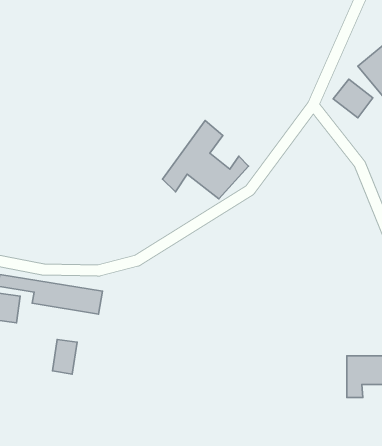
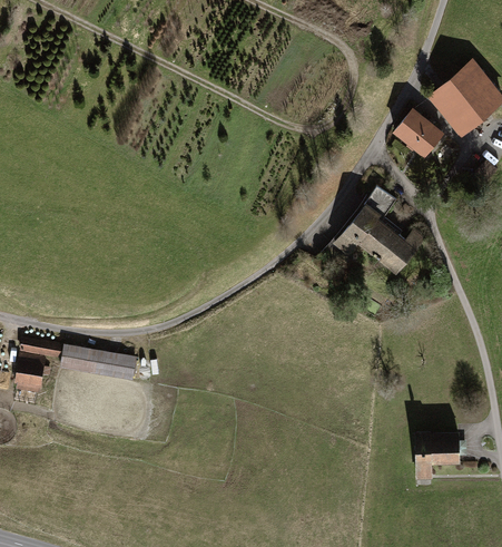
building: [162,121,249,199] -> [328,185,425,273]
building: [53,340,77,374] -> none

